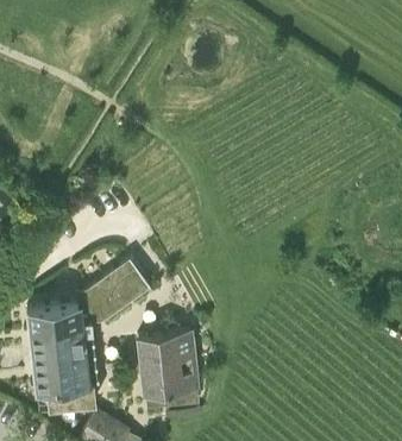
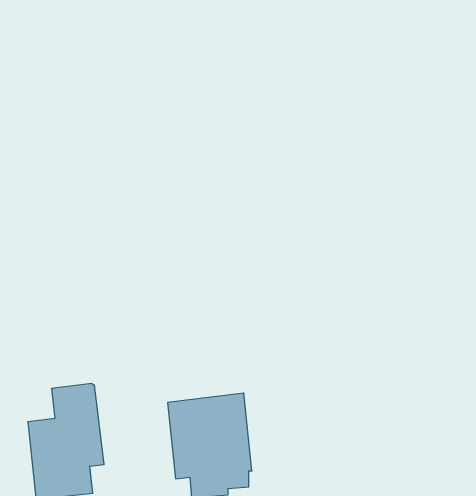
building: [89,259,156,316] -> none
building: [26,302,82,349] -> none

